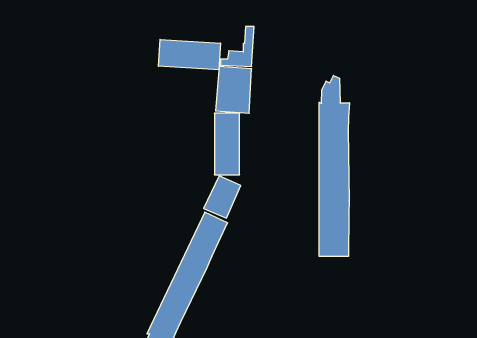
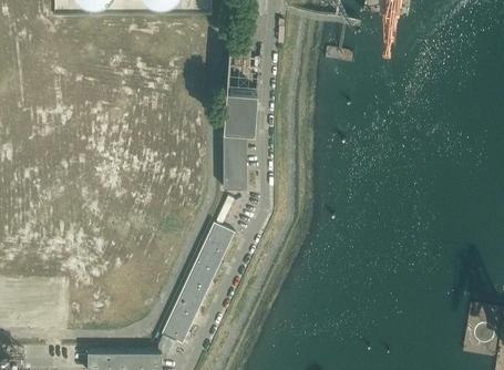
building: [158,39,220,70] -> none
building: [319,75,349,256] -> none

